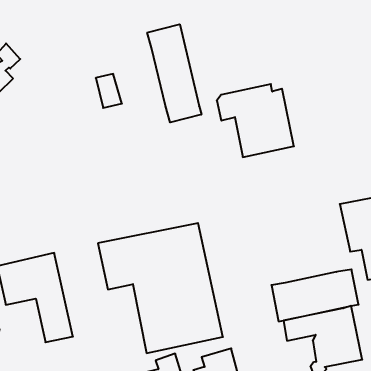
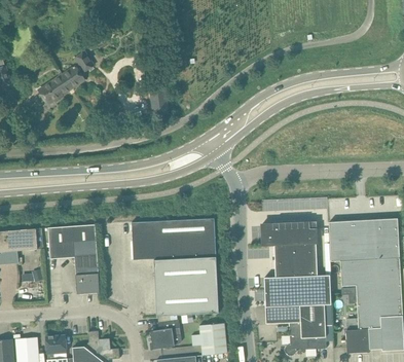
building: [147,24,201,122] -> none
building: [217,84,294,157] -> [261,223,317,278]

